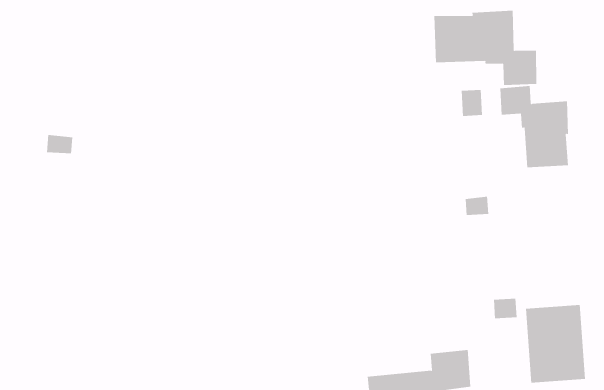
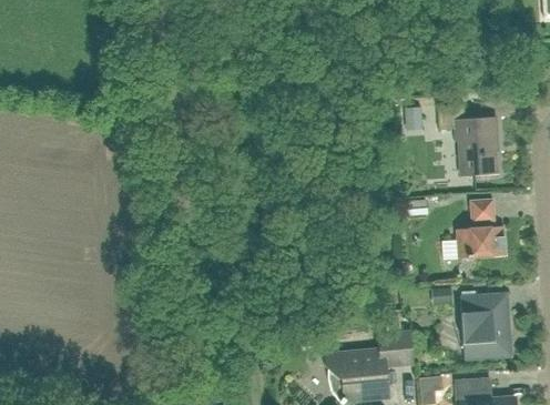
building: [434,10,537,86] -> none
building: none -> [457,199,506,257]

